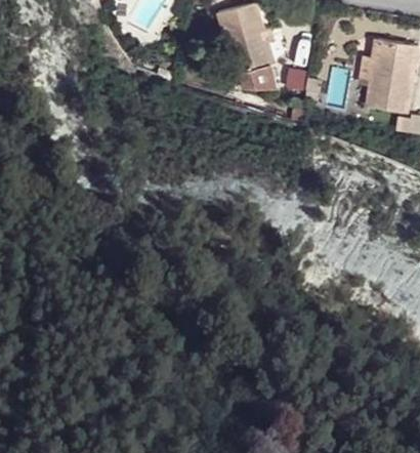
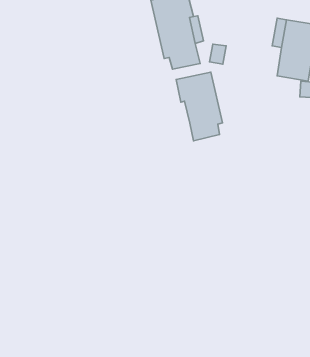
building: none -> [176,72,223,141]

